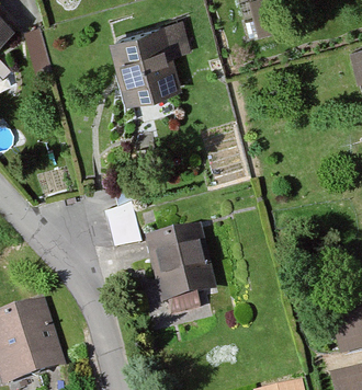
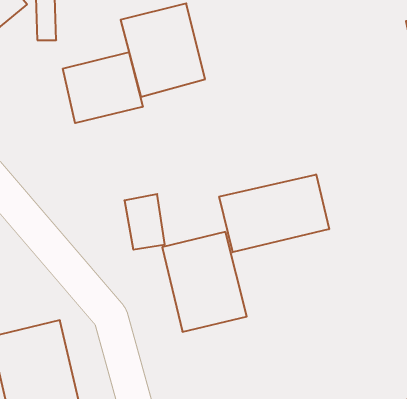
building: none -> [63,52,143,123]
building: none -> [219,174,329,252]

